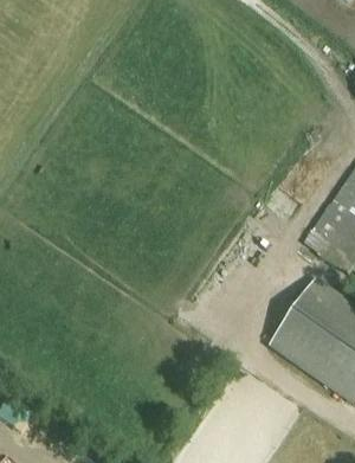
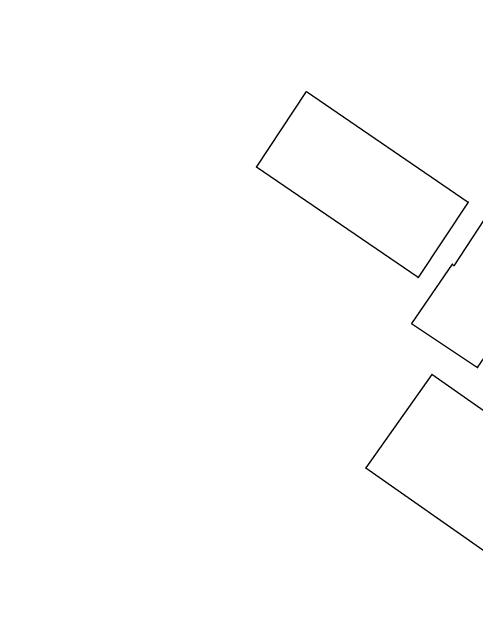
building: none -> [256,92,468,278]

